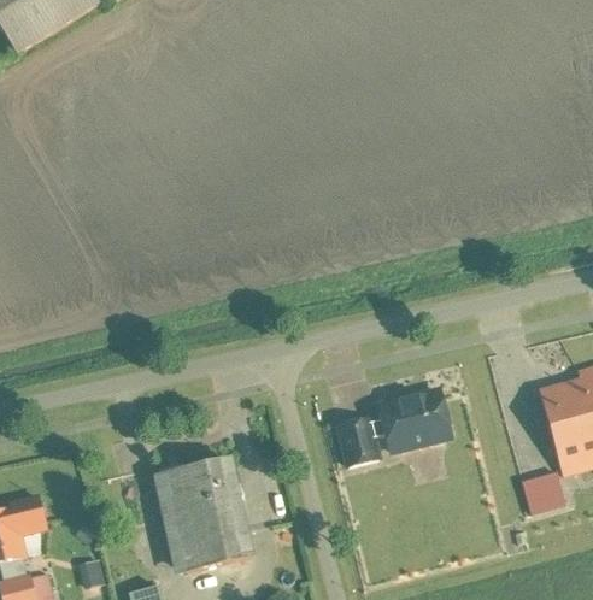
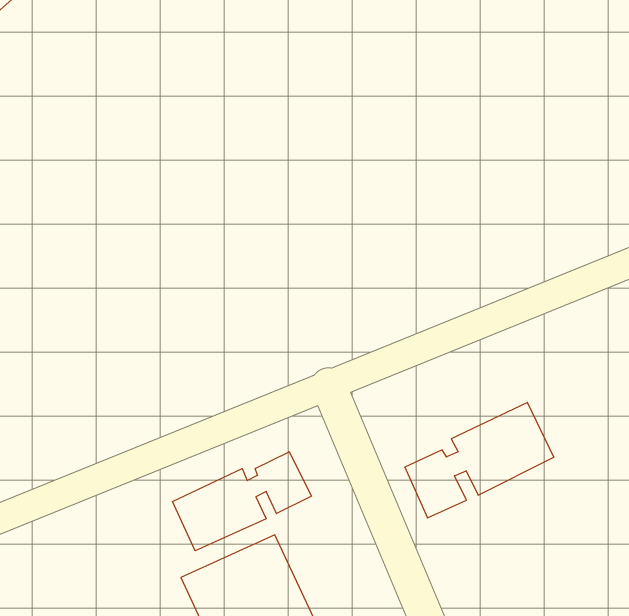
building: none -> [172,452,311,551]

